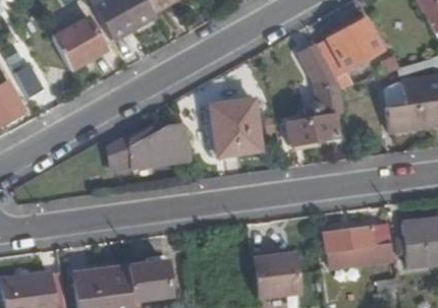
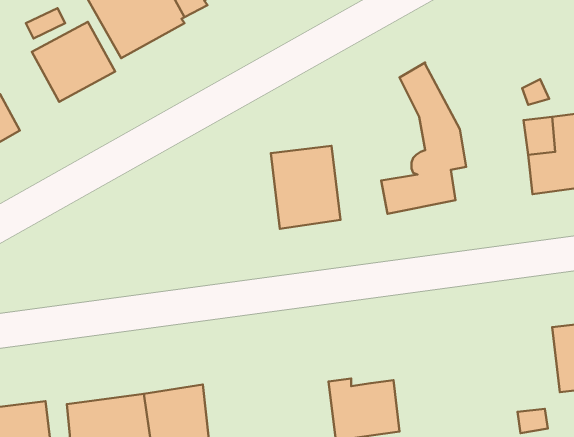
building: [317,19,379,88] -> none
building: [106,123,191,169] -> none
building: [326,222,392,267] -> none

